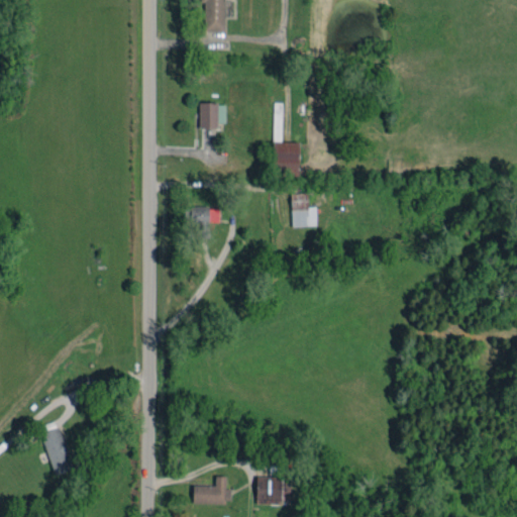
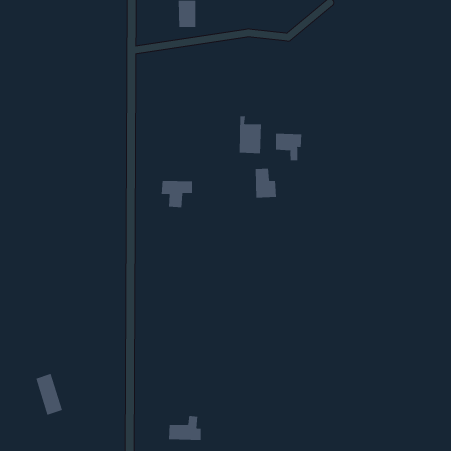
building: [200,103,226,127] -> none
building: none -> [275,133,302,161]
building: [256,477,291,505] -> none

